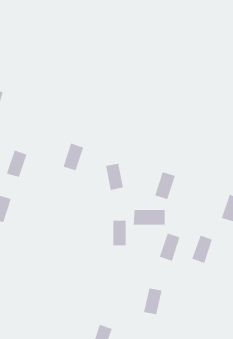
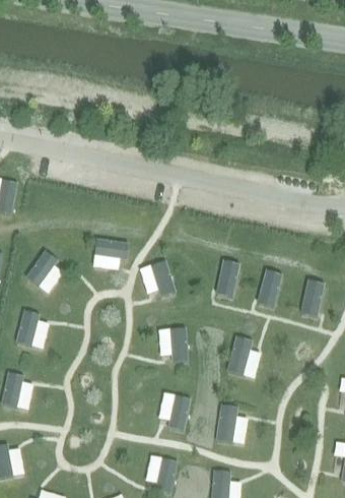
building: [133,209,166,226] -> none
building: [191,235,213,264] -> [258,272,282,308]
building: none -> [167,396,192,432]

